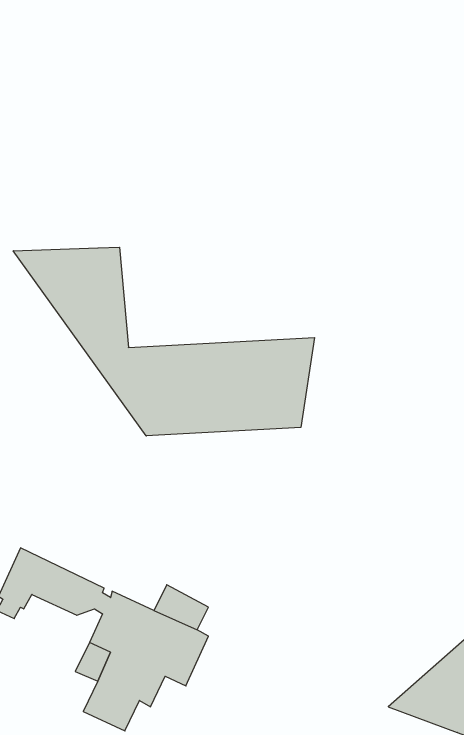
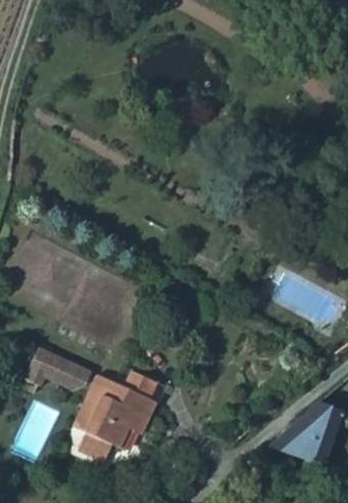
building: [13,247,314,436] -> none

